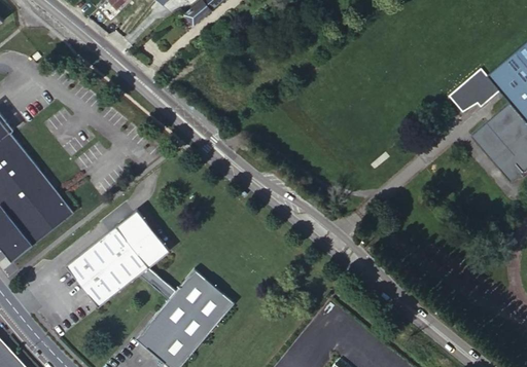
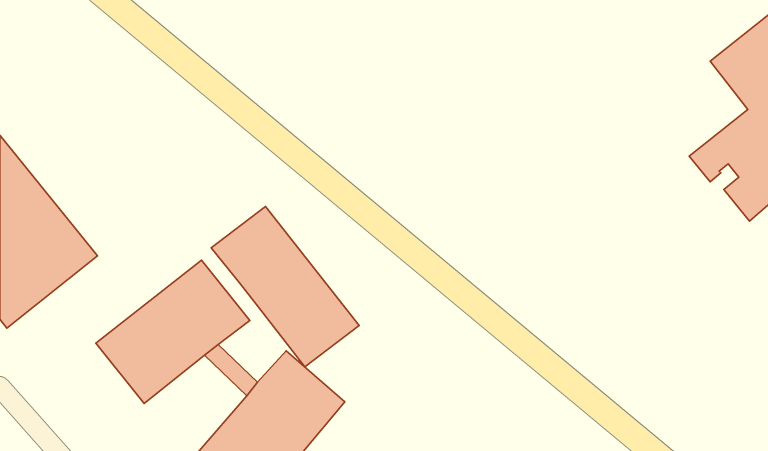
building: [449,71,498,113] -> none
building: none -> [211,206,359,367]

